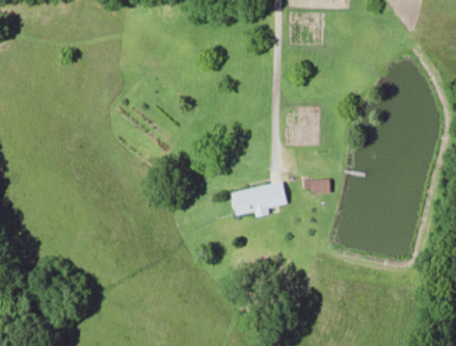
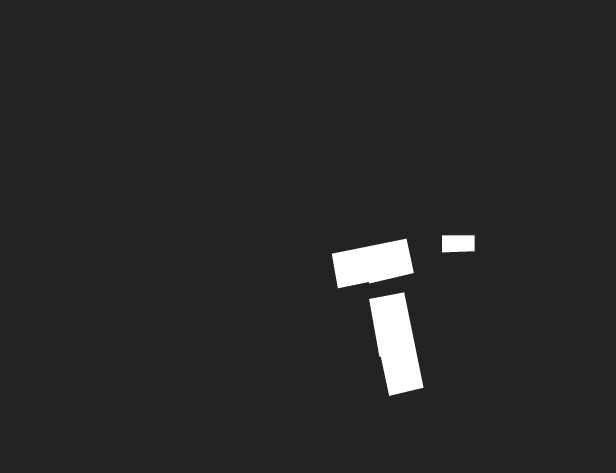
building: none -> [368,292,425,397]

